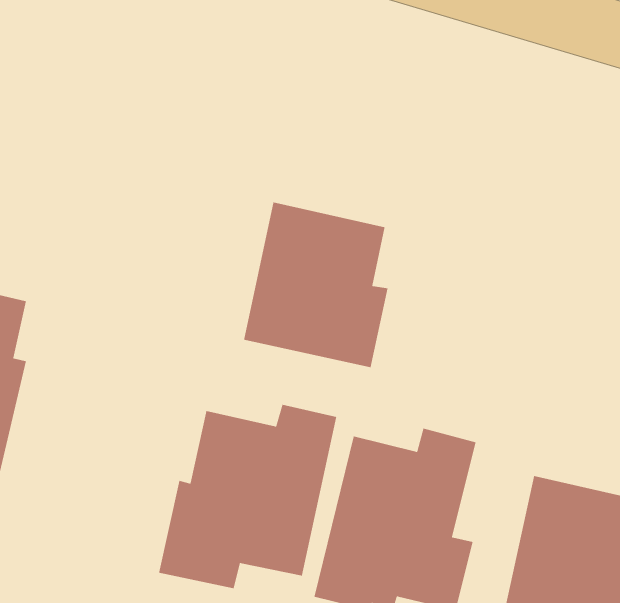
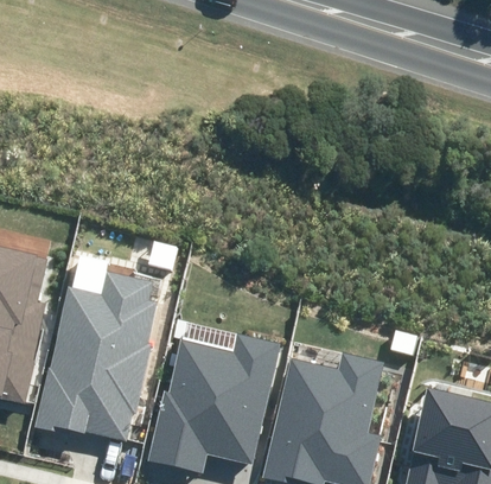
building: [243,202,389,368] -> none
building: none -> [36,272,154,439]

